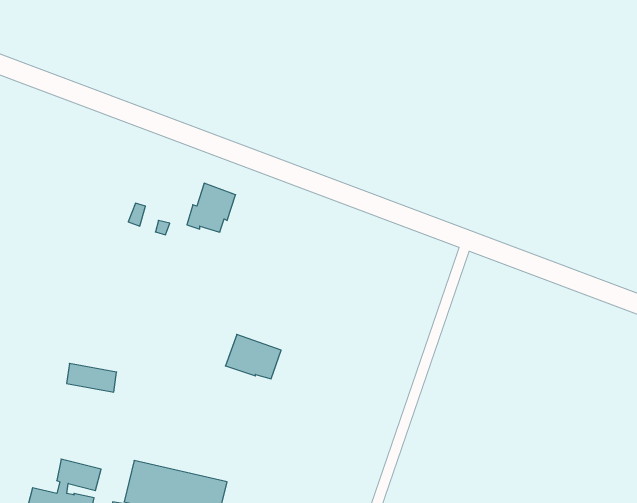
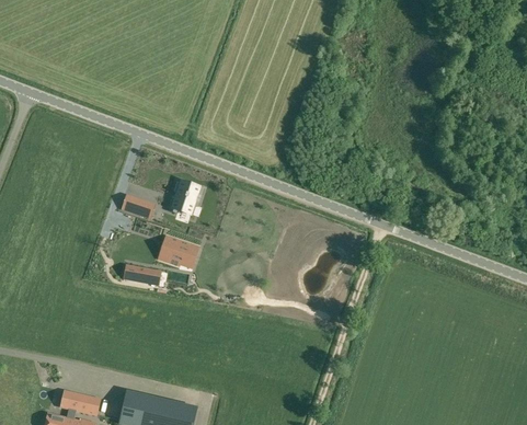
building: [225,334,281,379] -> [158,234,201,268]
building: [67,363,117,392] -> [124,264,162,286]

